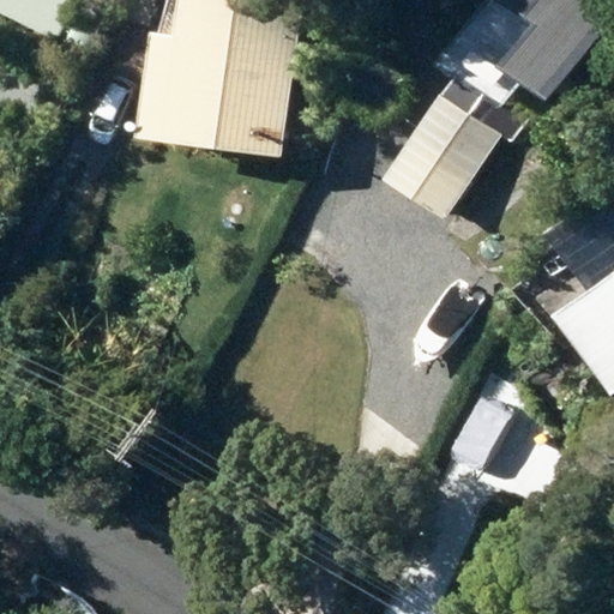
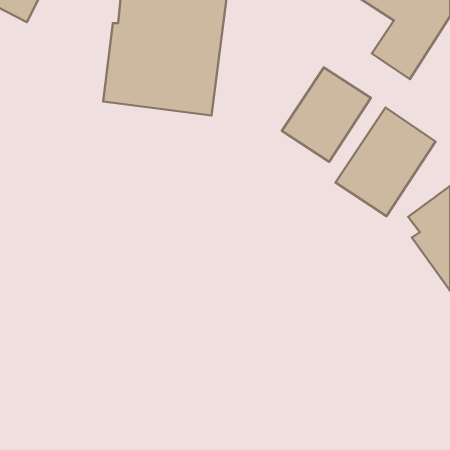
building: none -> [335,108,435,216]

